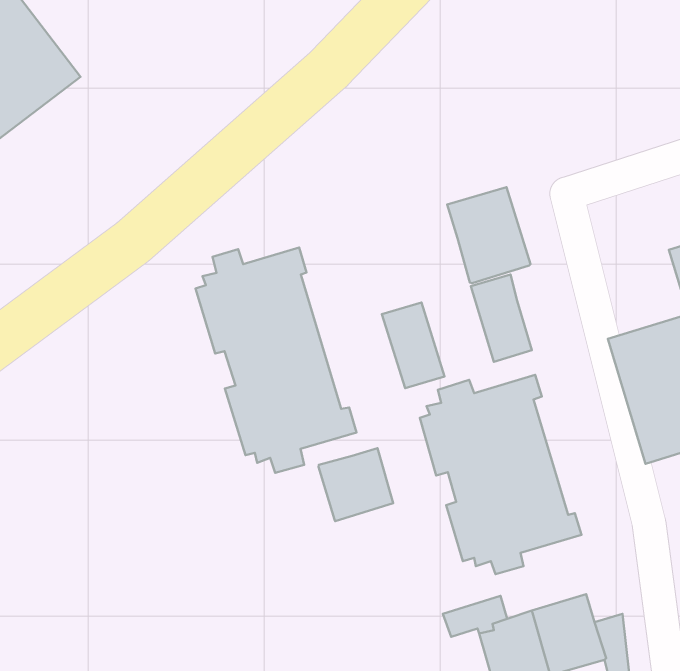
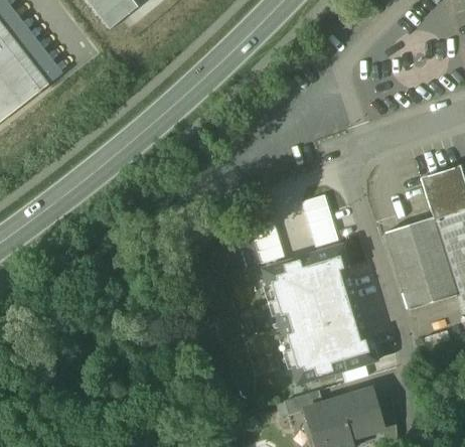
building: [447,187,531,283] -> none
building: [195,247,356,473] -> none
building: [318,448,393,521] -> none

